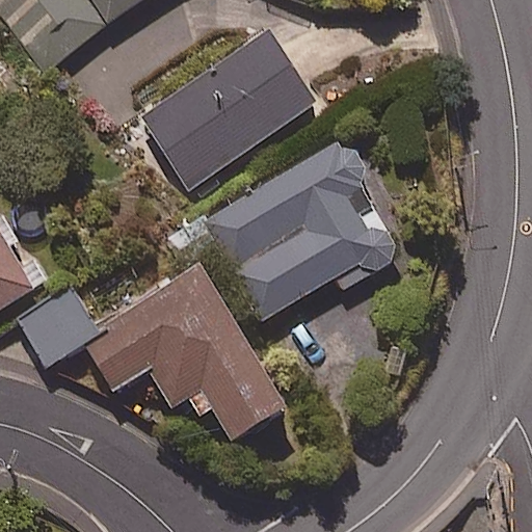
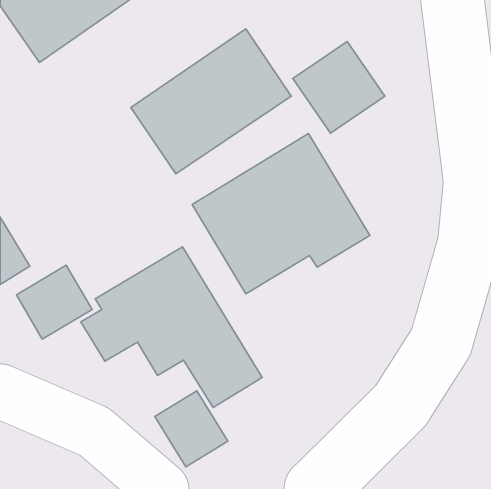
building: none -> [293,42,385,133]
building: none -> [155,391,228,467]

